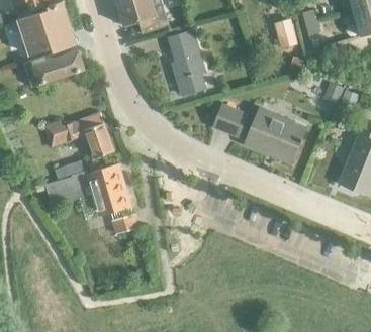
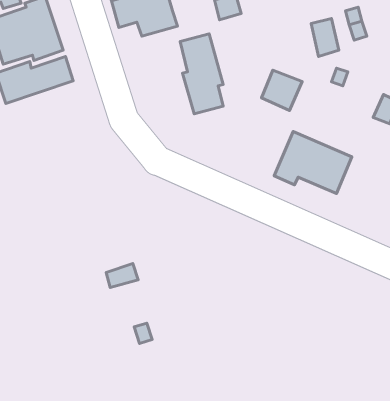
building: [213,105,246,137] -> [261,70,302,111]
building: [44,112,114,157] -> none
building: [44,162,130,214] -> none

